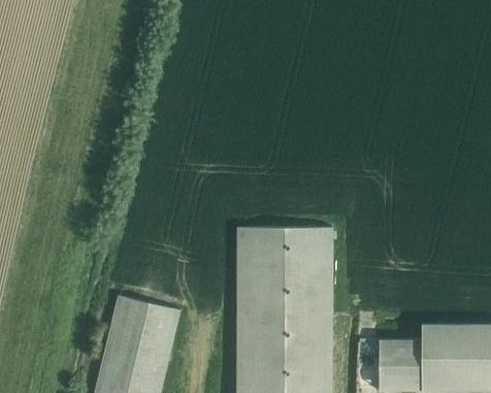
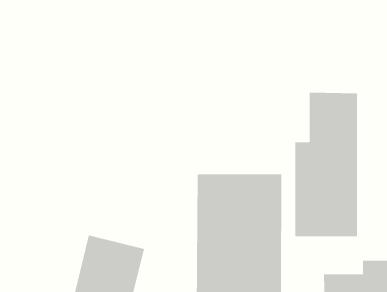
building: none -> [295,92,357,237]

